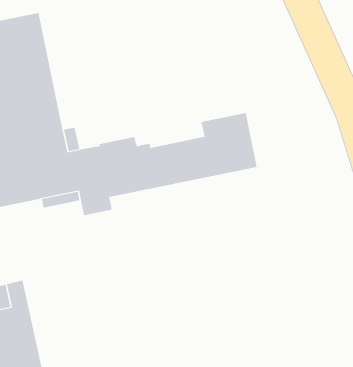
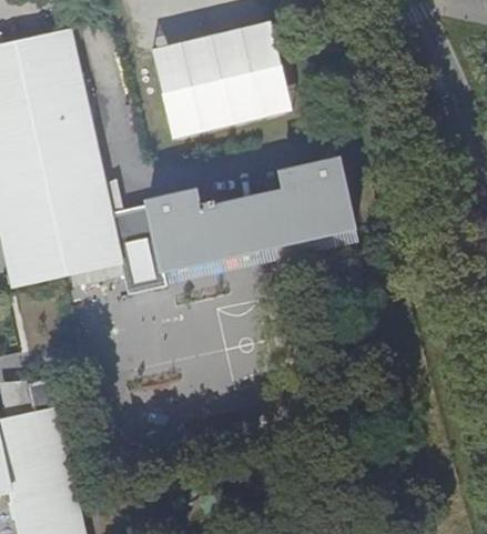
building: none -> [151,23,292,138]

